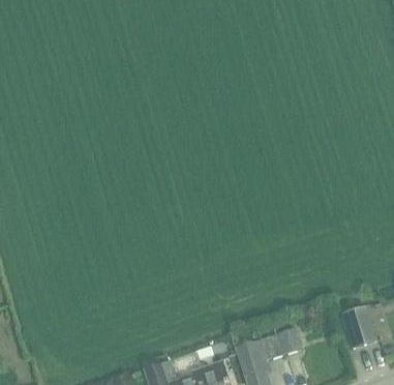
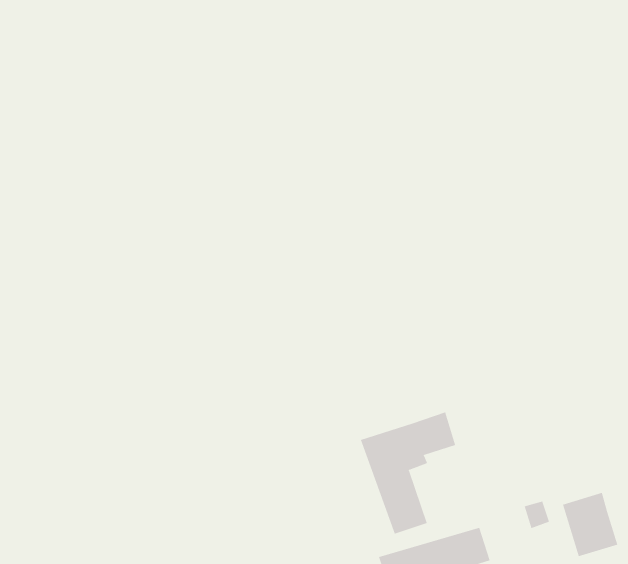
building: none -> [360,412,456,535]

